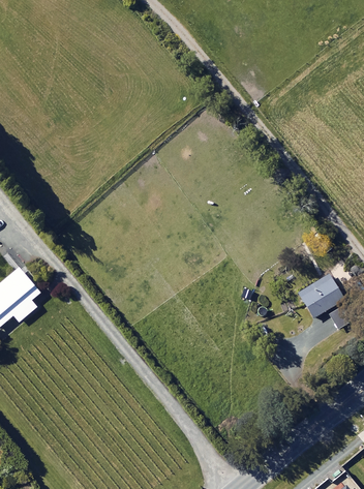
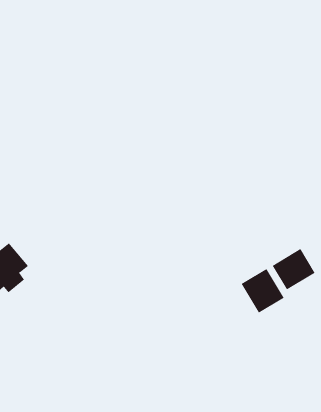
building: none -> [241,268,284,313]

